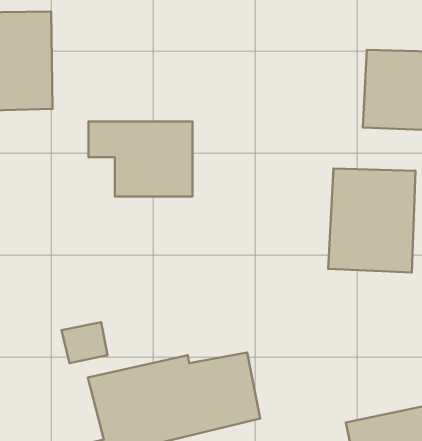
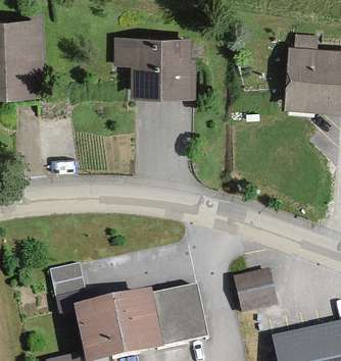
building: [89,121,193,197] -> [111,37,192,95]
building: [328,169,416,272] -> none
building: none -> [233,269,278,316]

